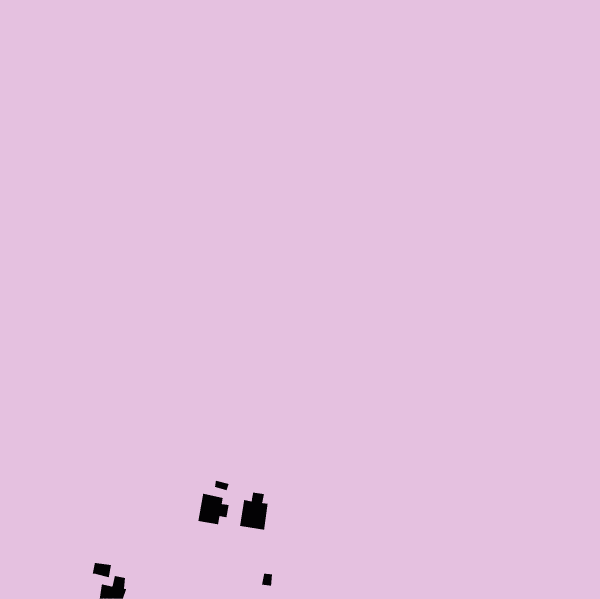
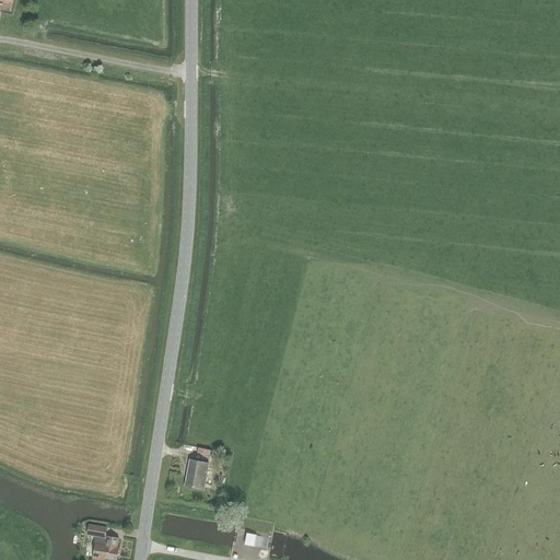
building: [239,492,268,531] -> none

